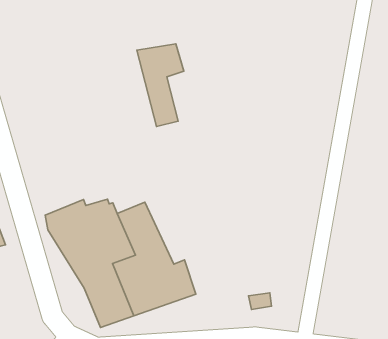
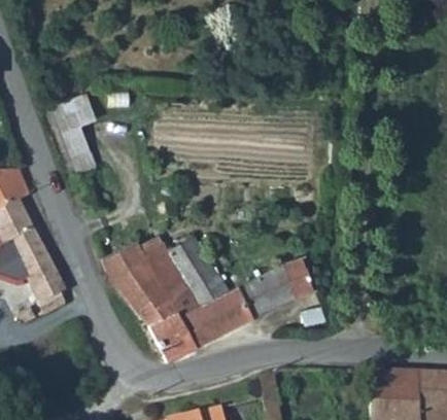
building: [137,44,184,126] -> [49,94,96,173]
building: none -> [237,258,311,317]

